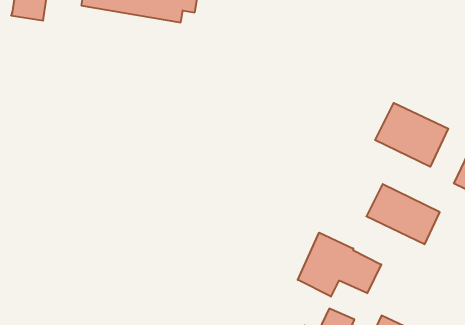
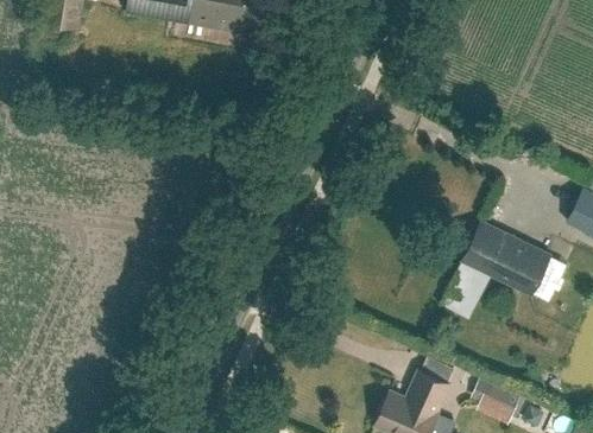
building: [375,103,448,167] -> none
building: [298,233,381,297] -> none

